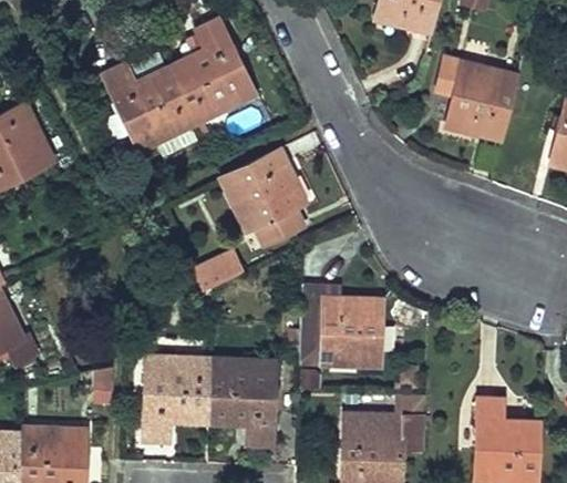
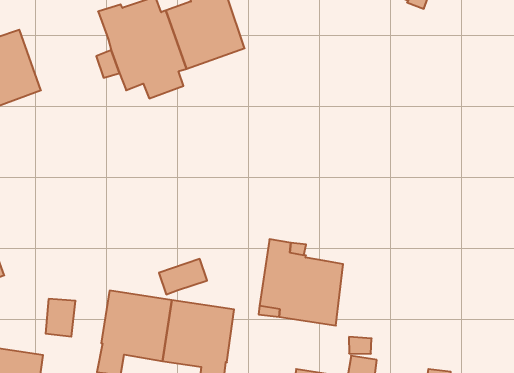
building: [436,58,518,140] -> none
building: [221,148,305,244] -> none
building: [192,251,241,291] -> [159,259,207,294]

